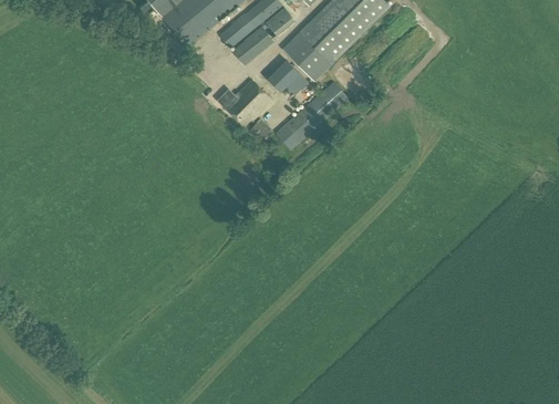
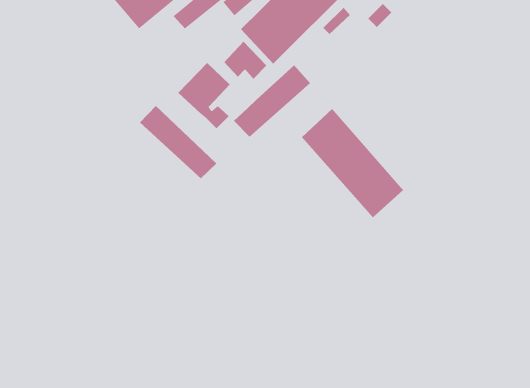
building: [232,27,272,64] -> none
building: none -> [139,105,217,179]
building: none -> [301,108,404,218]

